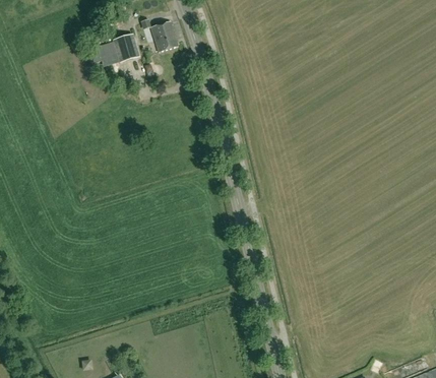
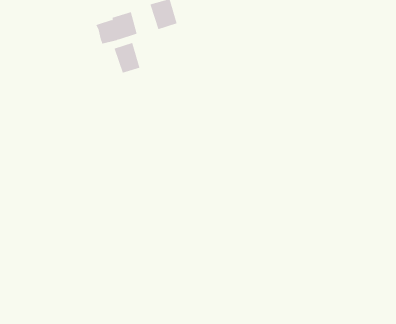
building: none -> [114,42,140,73]

